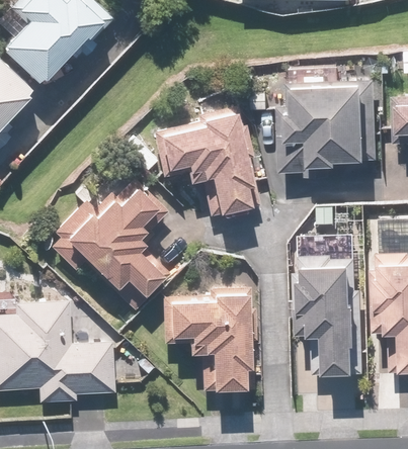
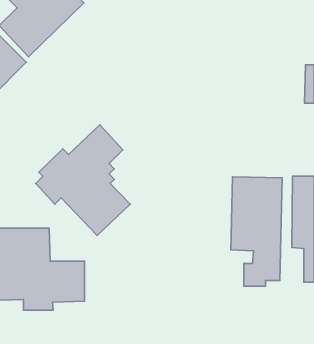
building: [279,67,370,176] -> none
building: [153,103,256,211] -> none
building: [160,293,252,388] -> none

